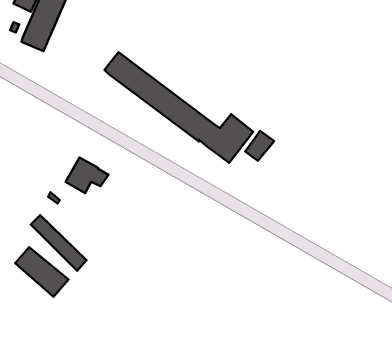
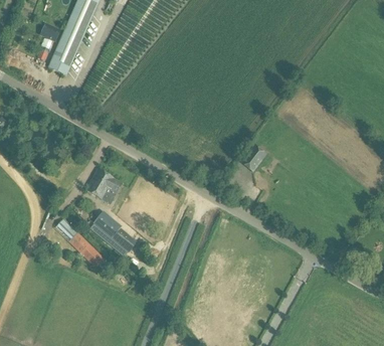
building: [104,52,253,163] -> none
building: [15,247,69,297] -> [90,212,137,255]

